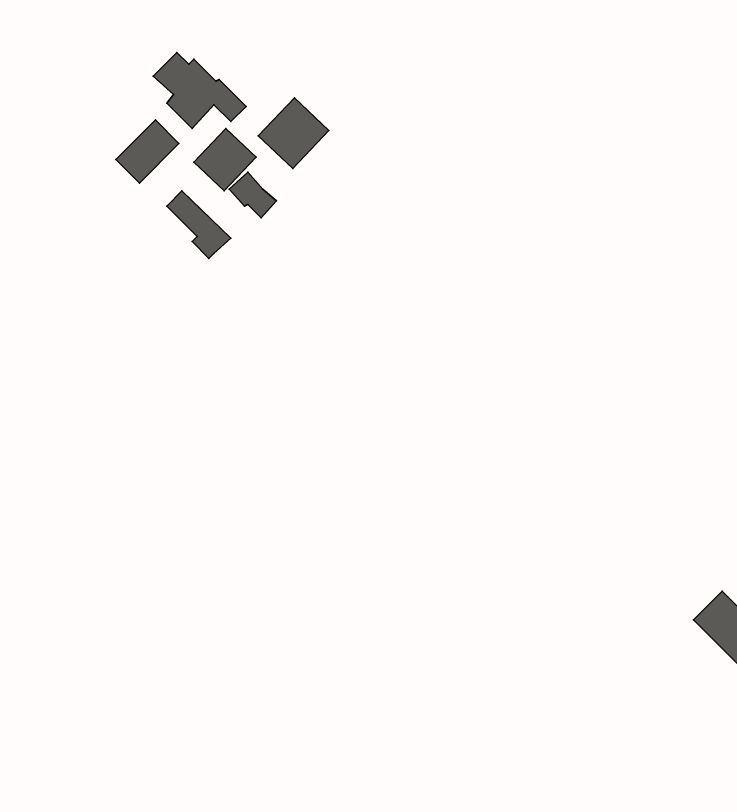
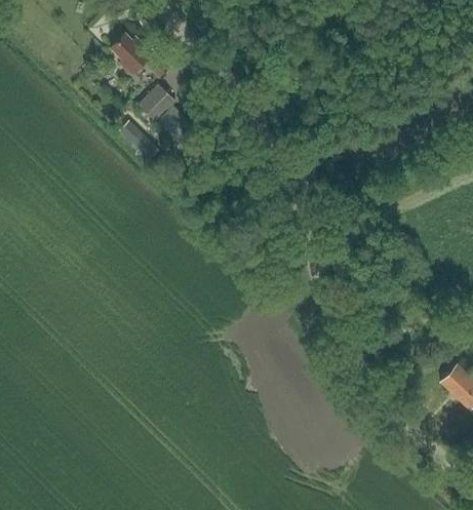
building: [258,98,329,168] -> none
building: [116,120,179,183] -> none

